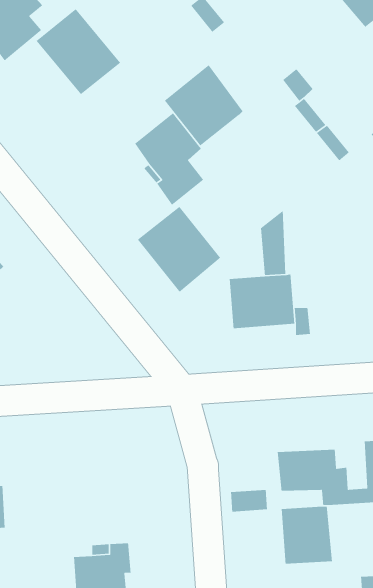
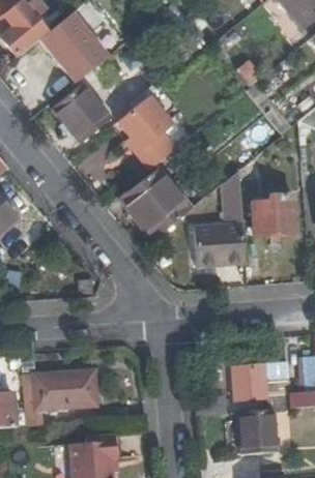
building: [164,64,244,146] -> none
building: none -> [54,85,111,142]
building: none -> [254,193,296,235]
building: none -> [22,368,101,426]

